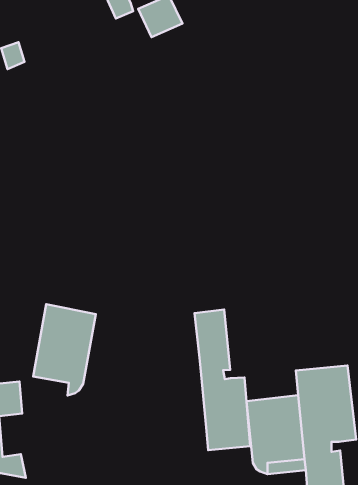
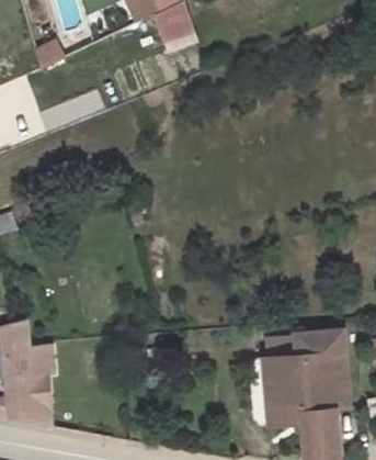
building: [33,304,96,396] -> none
building: [195,309,250,450] -> none

